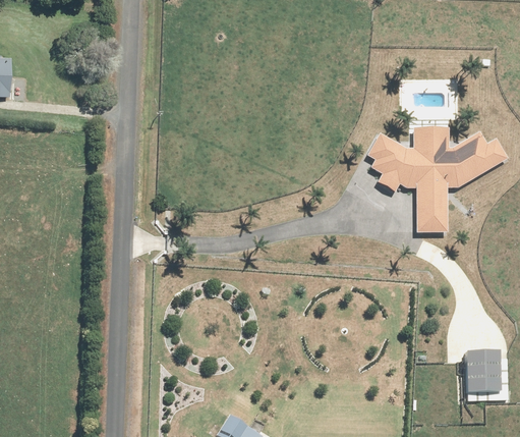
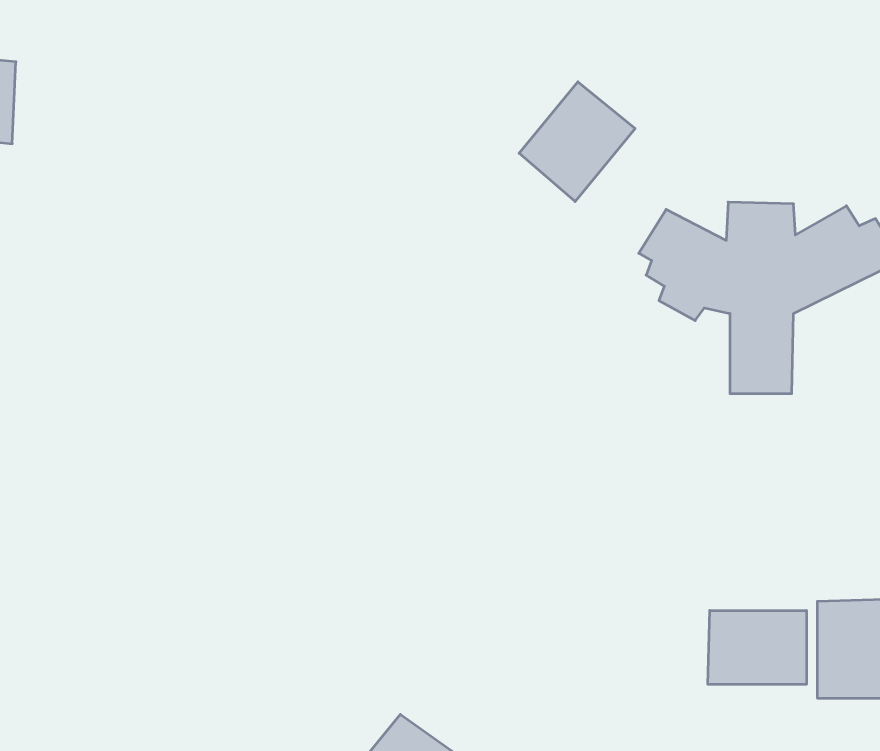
building: none -> [519,82,635,202]
building: none -> [708,610,806,684]

